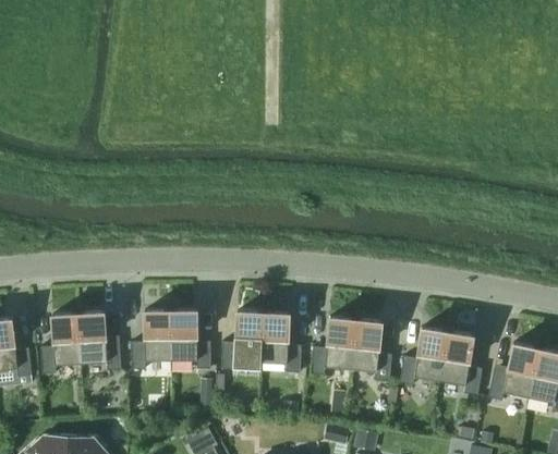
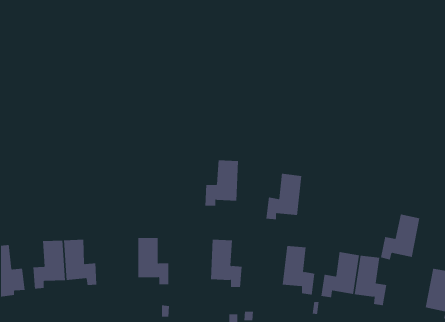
building: [132,310,171,369] -> none
building: [221,311,264,369] -> [205,160,239,206]
building: [311,317,356,375] -> [265,173,302,220]
building: [488,343,538,401] -> [380,214,420,260]

